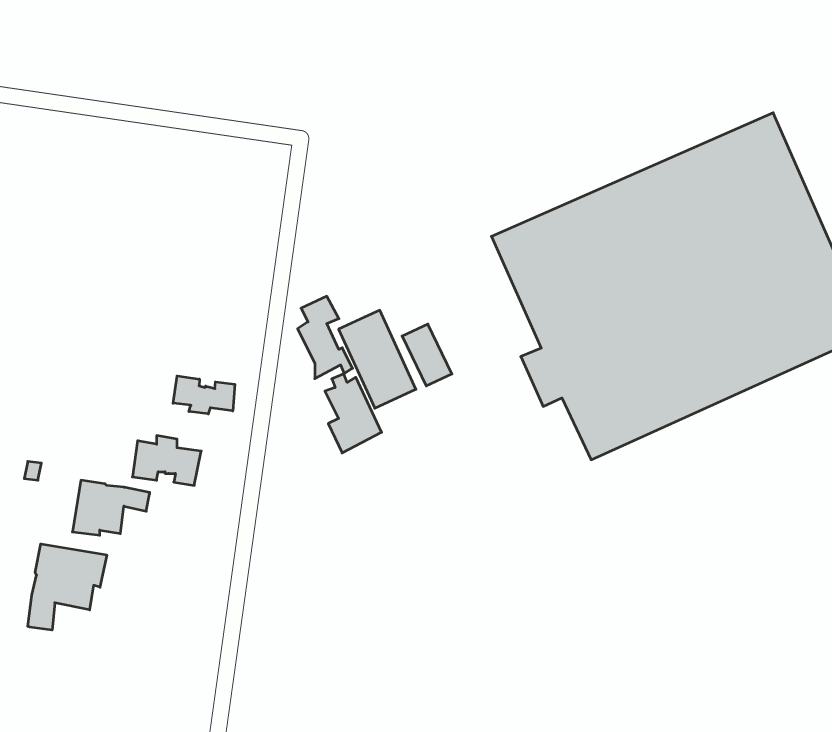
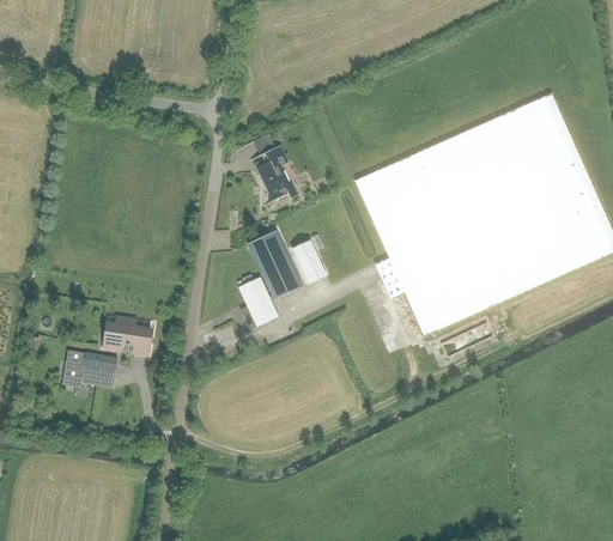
building: [298,296,353,379] -> [259,145,297,202]
building: [173,376,235,414] -> none
building: [28,544,107,630] -> none

